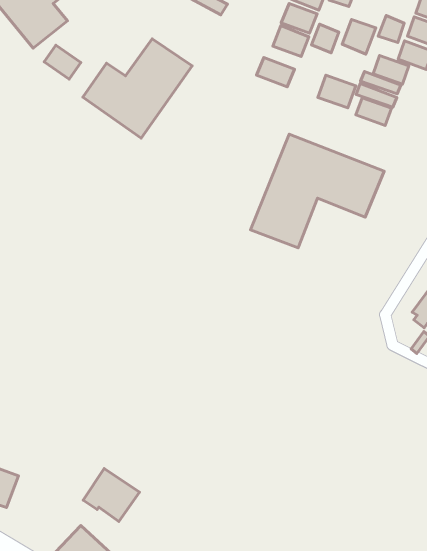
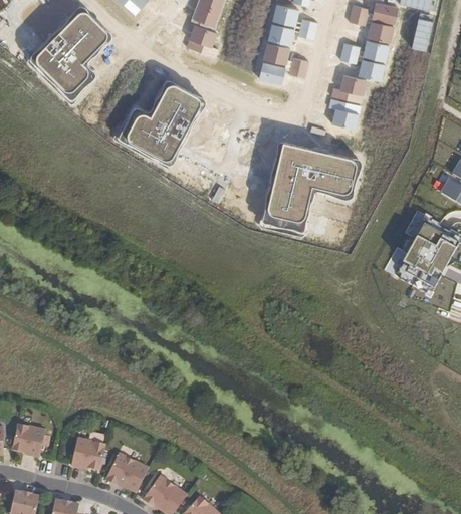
building: [342,19,376,54] -> none
building: [44,45,81,79] -> none
building: [257,57,294,87] -> none
building: [318,75,356,108] -> none
building: [83,468,139,522] -> [105,451,149,491]

